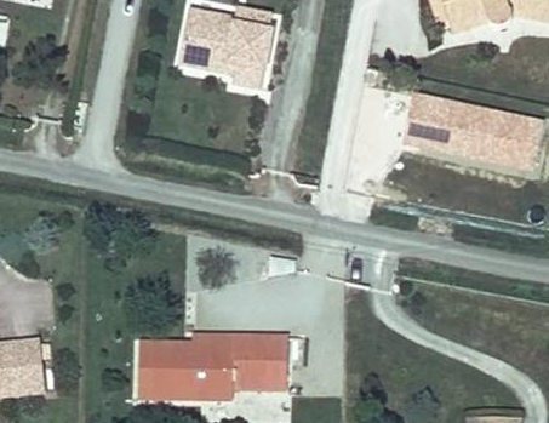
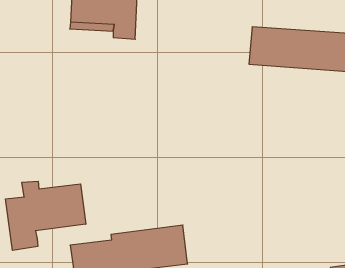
building: none -> [6,181,86,250]

